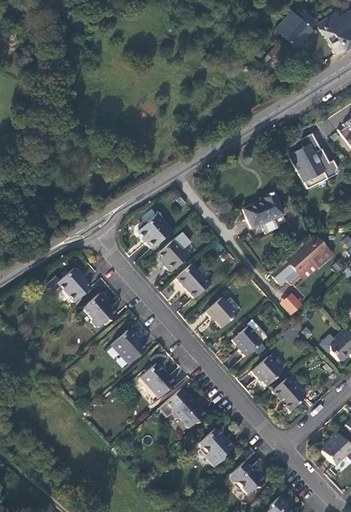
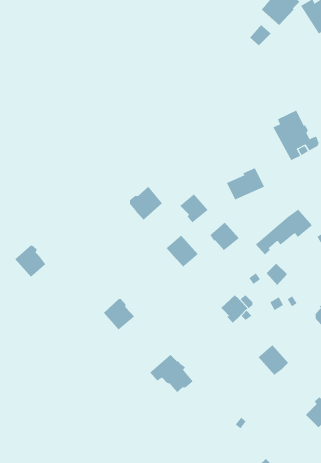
building: [159,240,189,271] -> [180,193,209,223]
building: [58,268,91,302] -> [14,245,46,278]
building: [83,293,117,326] -> none
building: [206,296,237,326] -> [210,222,239,251]
building: [253,355,284,385] -> none
building: [142,363,176,396] -> none
building: [199,426,234,465] -> none
building: [231,460,265,492] -> none

